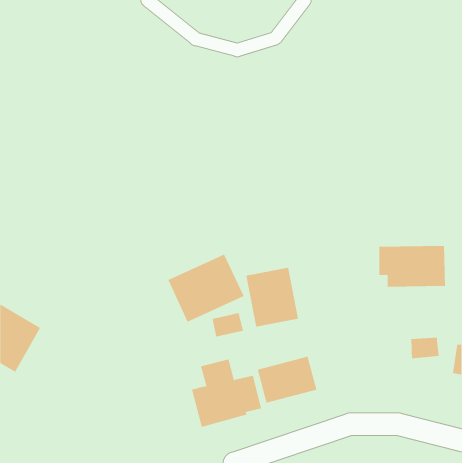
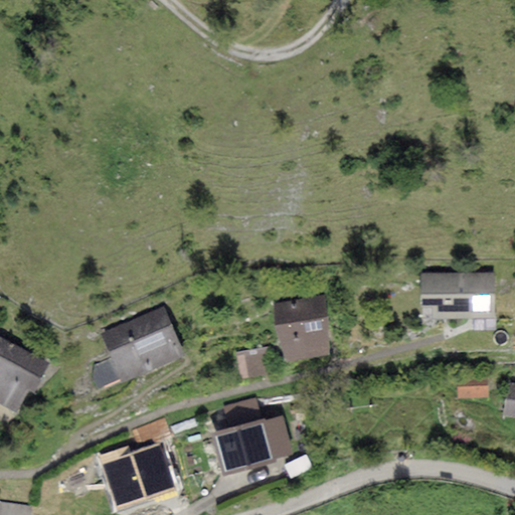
building: [167,254,244,323] -> [101,305,186,381]
building: [257,356,317,403] -> none
building: none -> [98,443,173,508]

